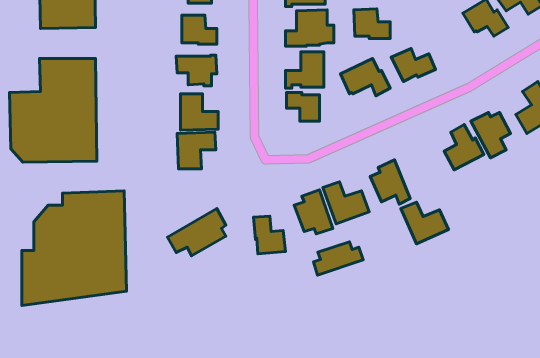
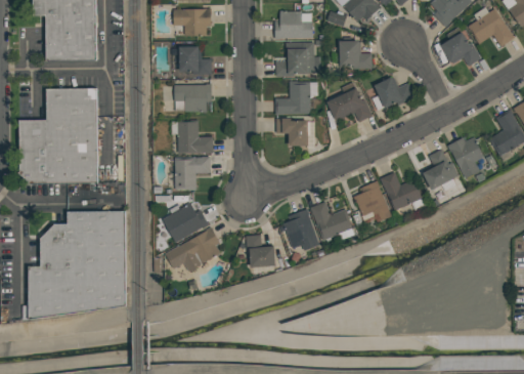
building: none -> [162,203,208,242]
building: [401,202,448,244] -> [379,172,423,211]
building: [314,242,363,275] -> none

